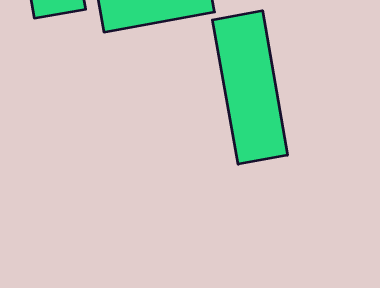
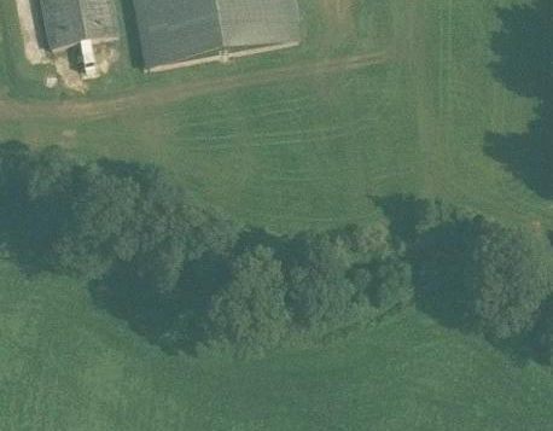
building: [212,11,287,164] -> none

